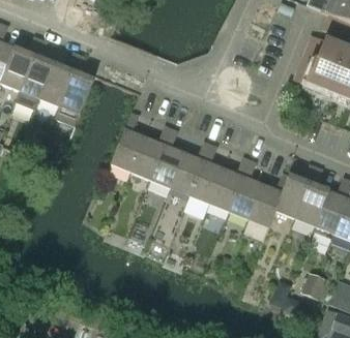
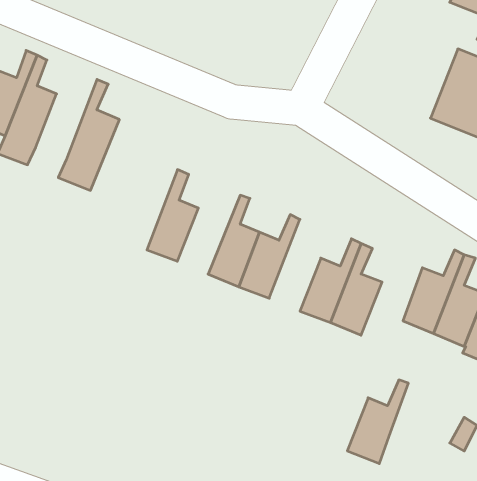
building: [39,53,79,106] -> none
building: [130,126,171,180] -> none
building: [189,145,223,204] -> none
building: [249,174,288,227] -> [347,380,408,464]

